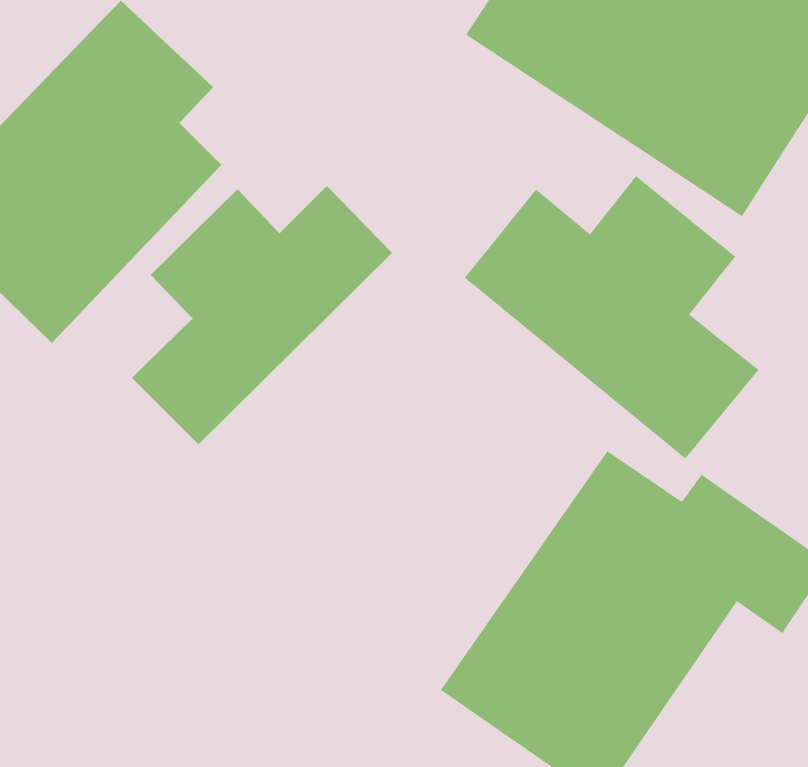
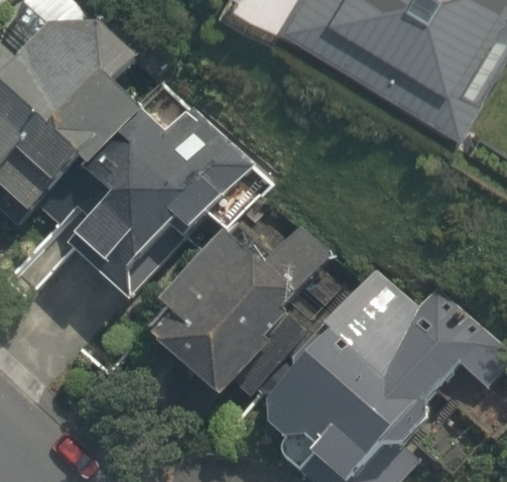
building: [464,175,760,460] -> none
building: none -> [153,235,310,395]

